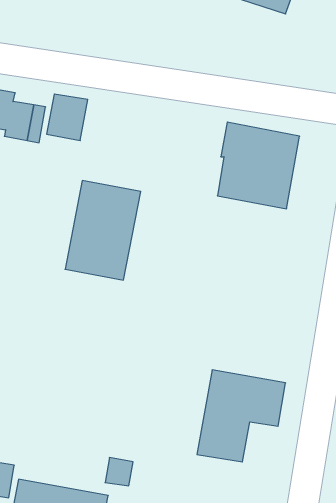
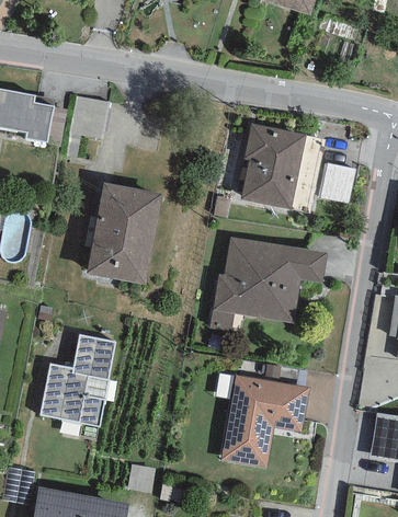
building: none -> [319,163,354,203]
building: none -> [207,235,327,335]
building: none -> [38,333,115,427]

